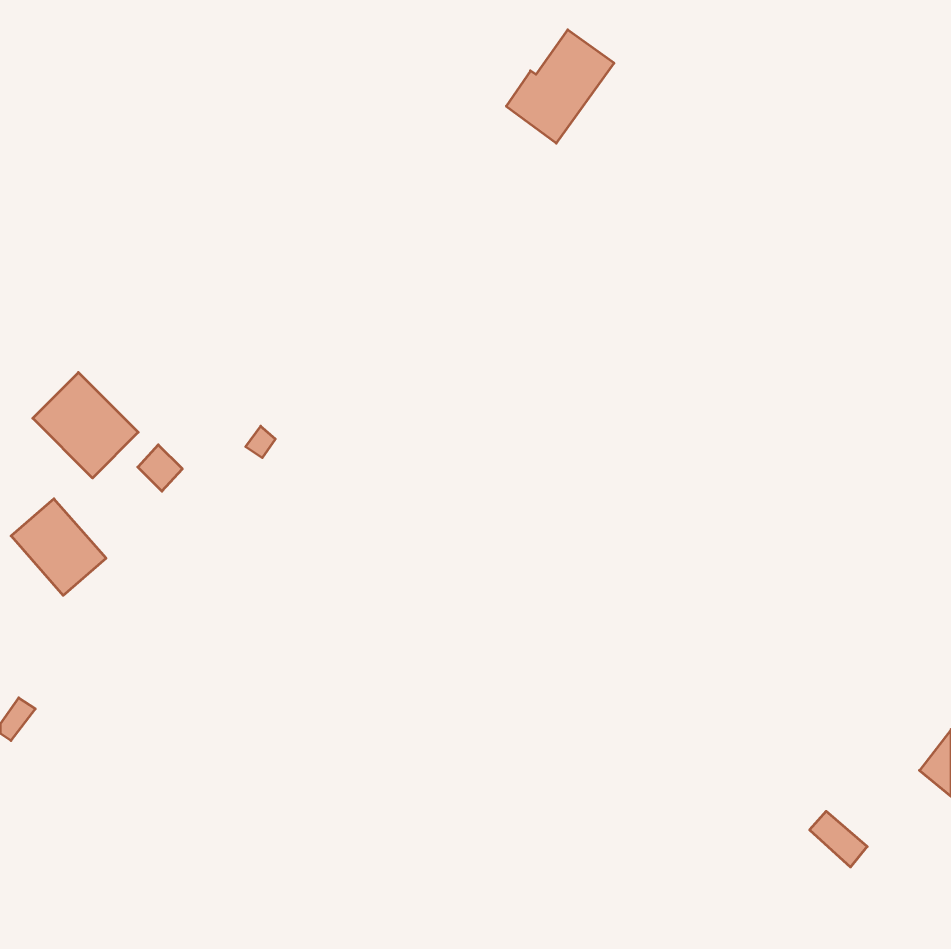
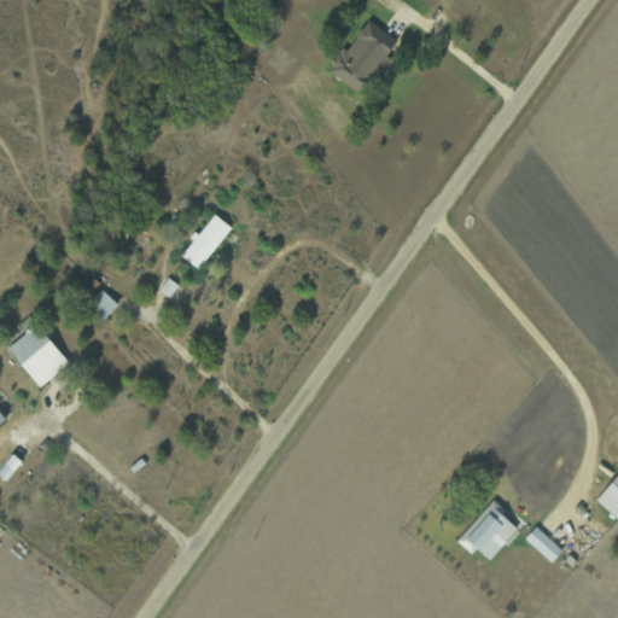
building: none -> [181,212,232,267]
building: [33,372,138,478] -> none
building: none -> [456,500,518,560]

